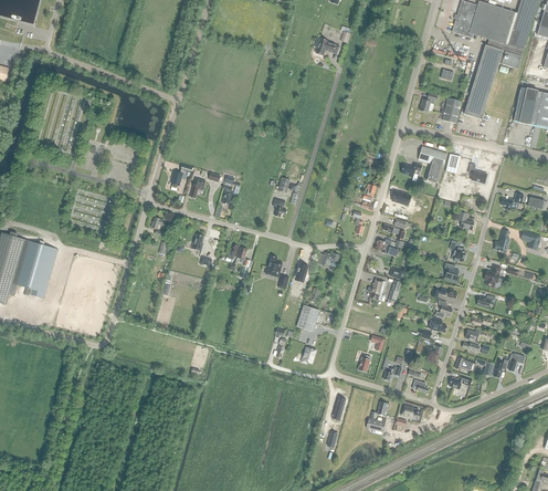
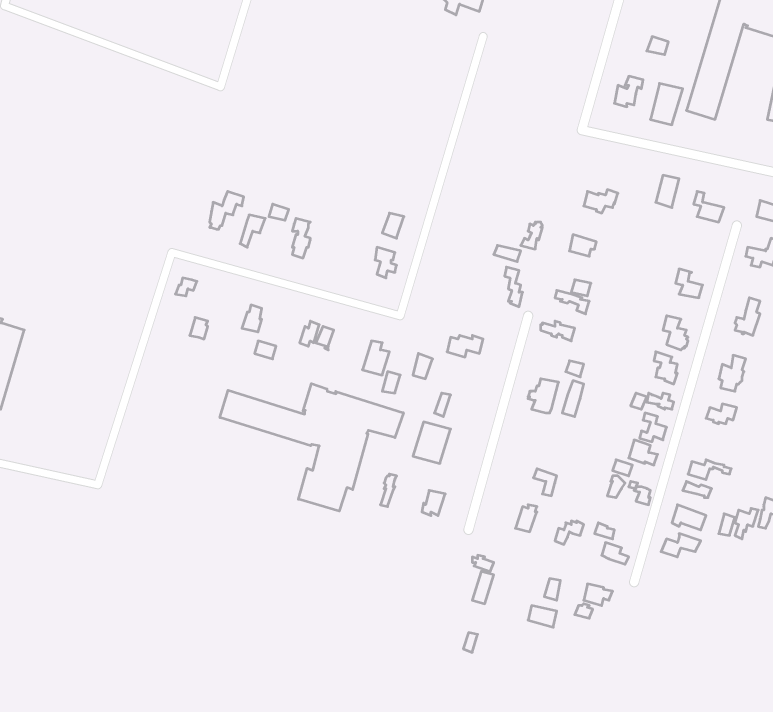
building: [418,146,446,182] -> none
building: none -> [220,384,403,511]

